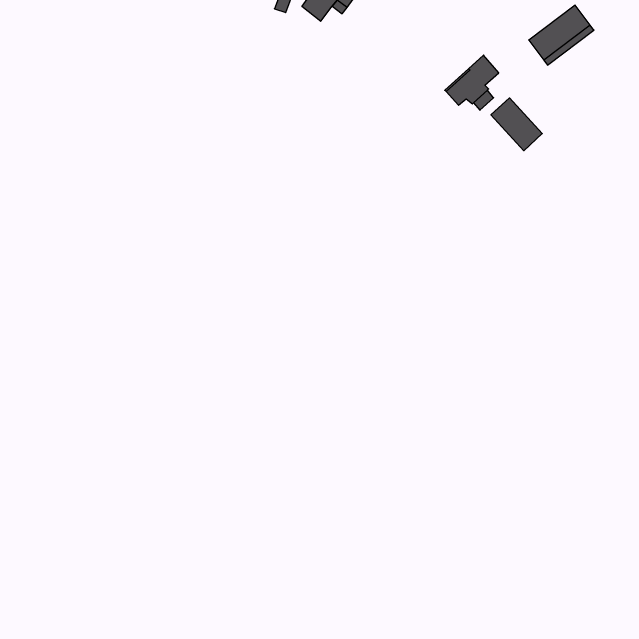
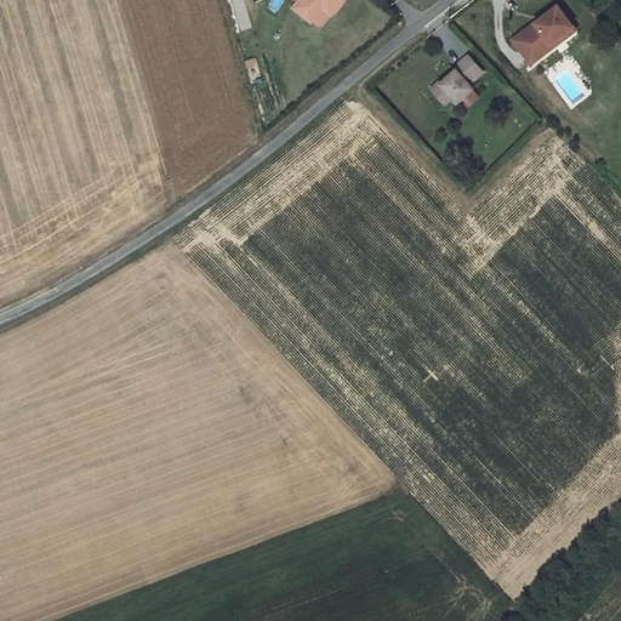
building: [491,98,542,151] -> none

